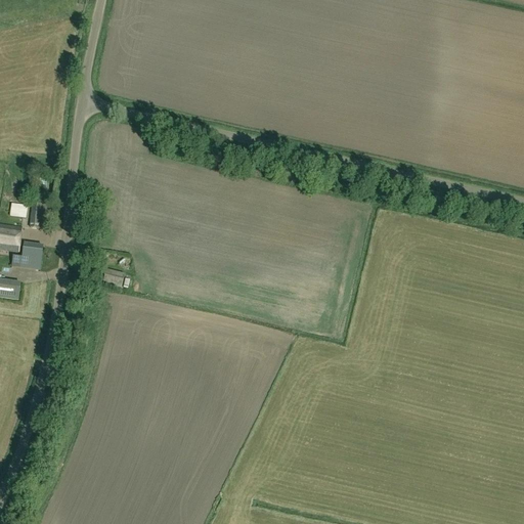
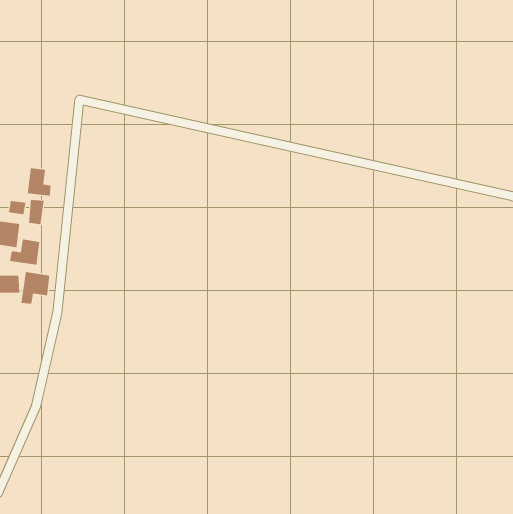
building: none -> [27,168,51,197]
building: none -> [21,271,50,305]

